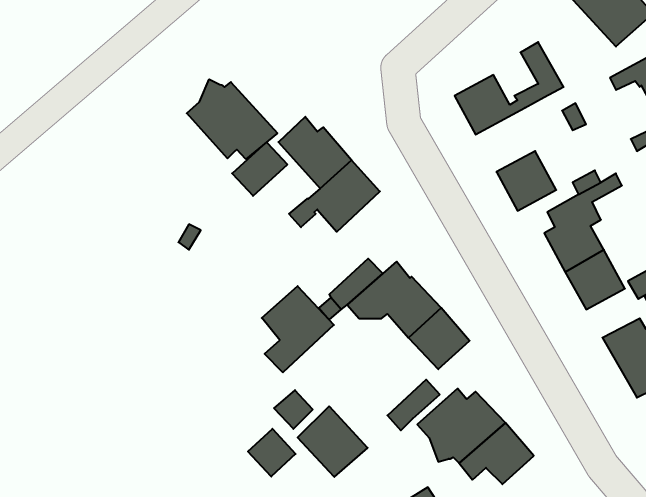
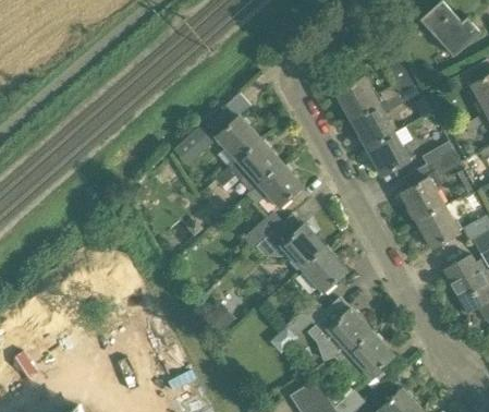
building: [187,79,277,159] -> none
building: none -> [352,101,395,148]
building: none -> [247,162,304,207]
building: [262,286,334,372] -> none
building: [298,406,368,477] -> none
building: [248,429,296,477] -> none

